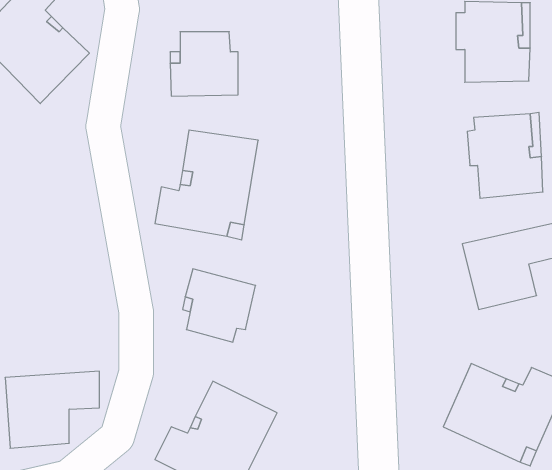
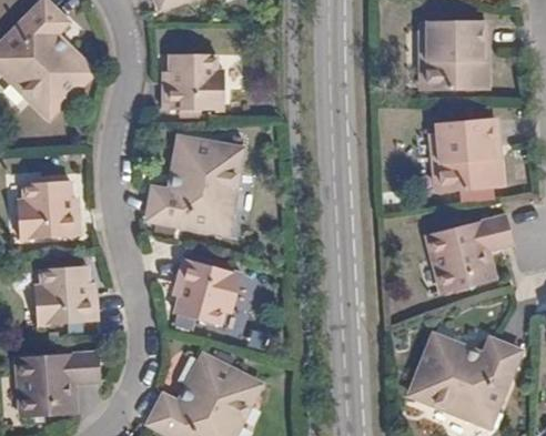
building: none -> [22,176,84,235]
building: none -> [38,262,101,321]

